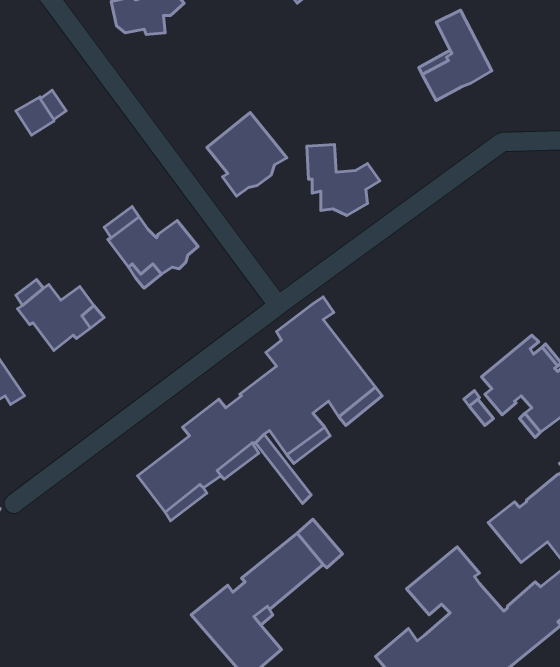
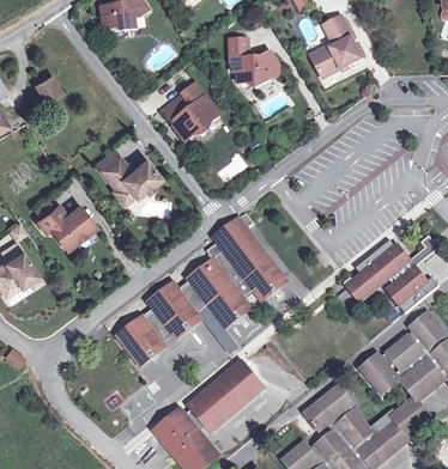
building: [307,144,380,216] -> [229,37,279,86]

